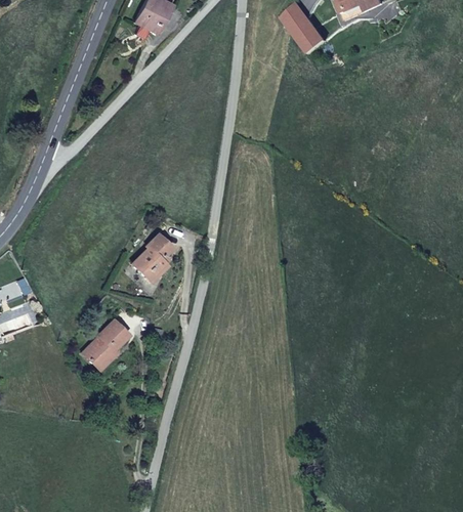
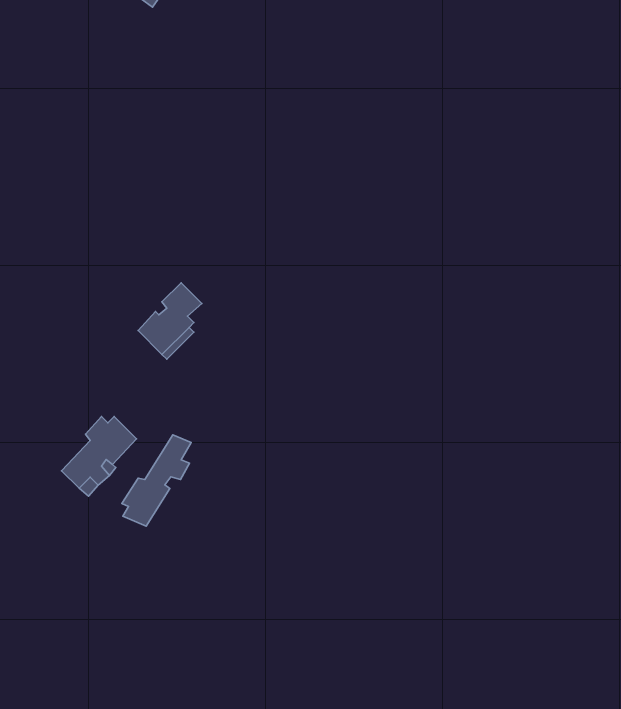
building: none -> [122,435,191,526]

